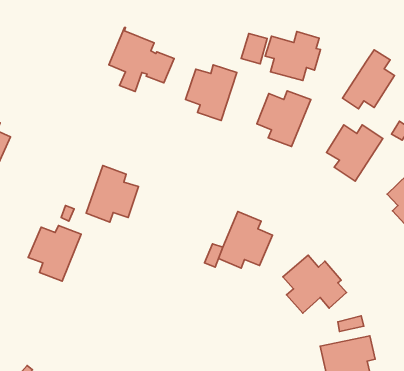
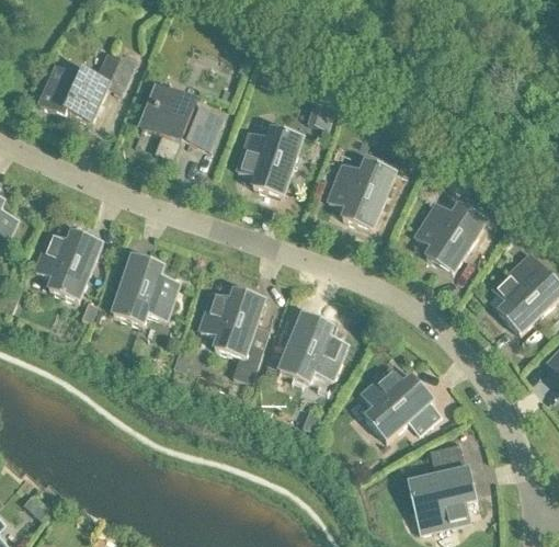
building: none -> [39,53,134,123]
building: [265,31,320,81] -> none
building: [342,50,395,109] -> none
building: none -> [199,287,265,383]
building: [28,225,81,281] -> [35,230,102,300]

